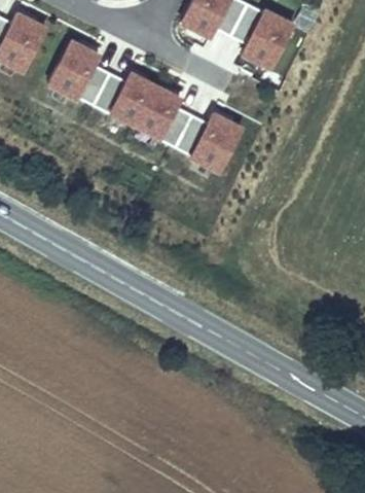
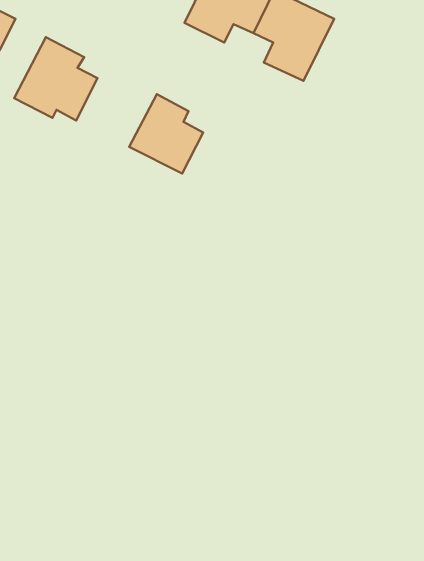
building: [94,71,156,125] -> none
building: [176,111,244,174] -> none

